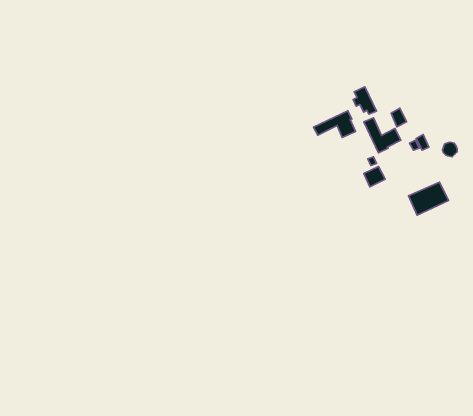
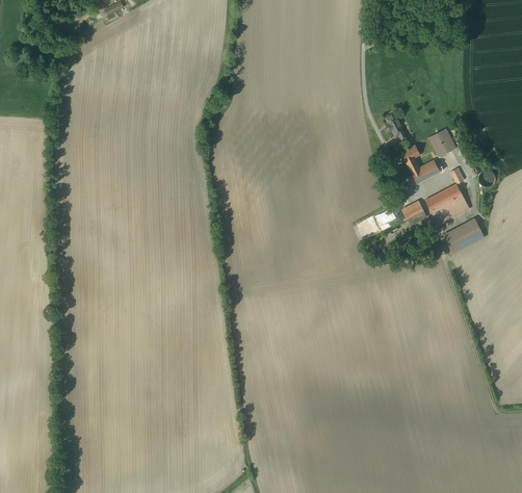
building: [313,111,356,138] -> none
building: none -> [424,182,469,225]

